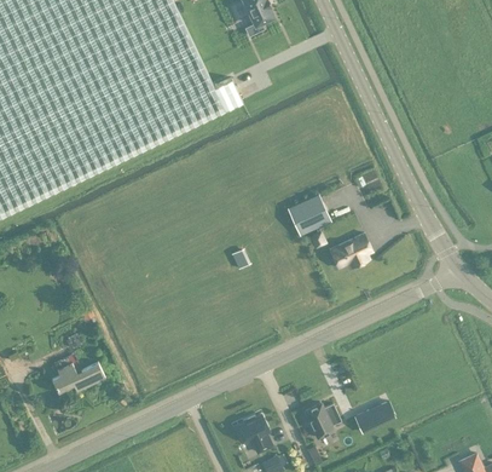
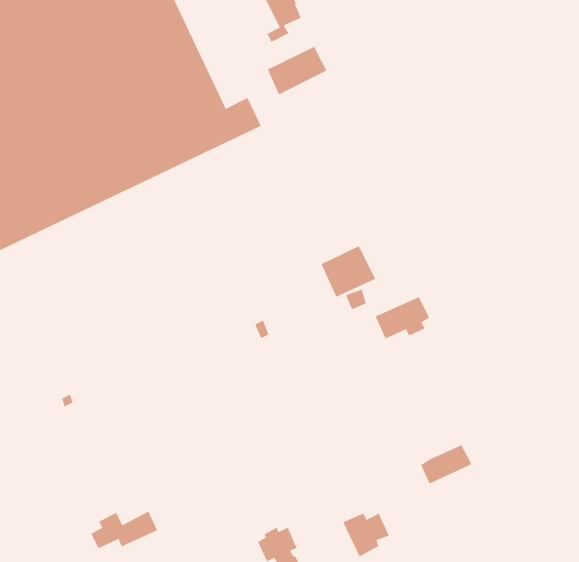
building: none -> [267,46,327,95]
building: [51,362,104,392] -> [90,510,158,549]
building: [354,401,395,432] -> [420,444,473,484]

